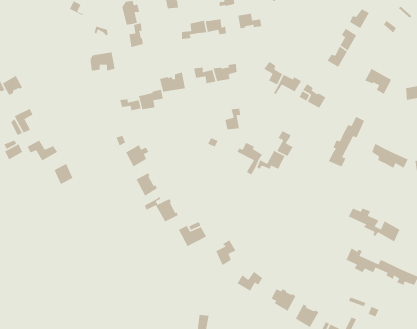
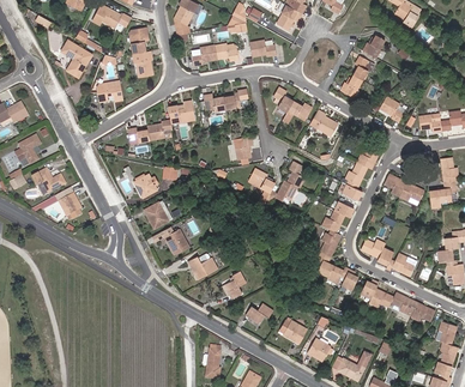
building: none -> [60,40,91,75]
building: none -> [313,200,356,289]

